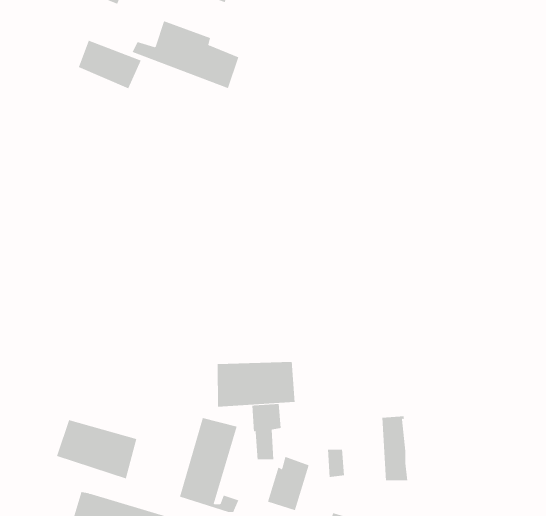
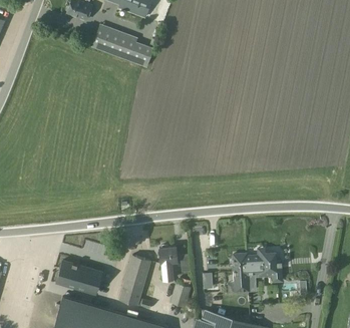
building: [78,40,142,89] -> none
building: [217,361,295,408] -> none
building: none -> [246,248,282,282]

